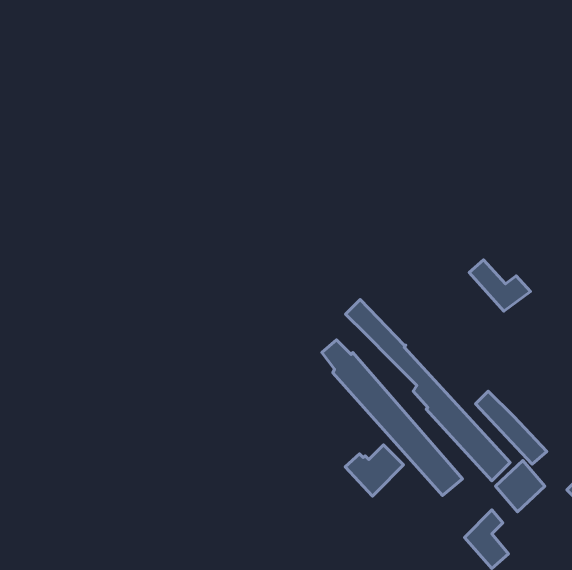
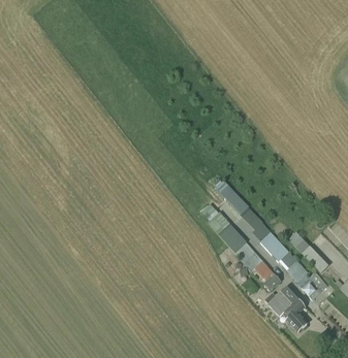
building: [469,260,531,311] -> none
building: [345,445,404,496] -> [265,289,298,318]

